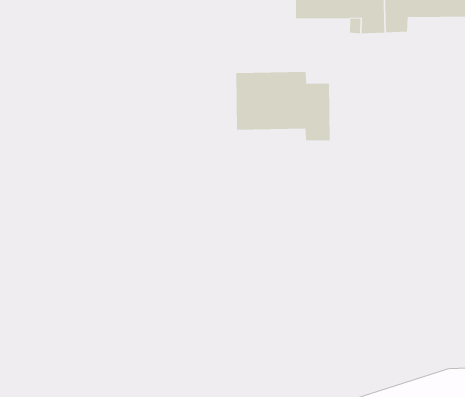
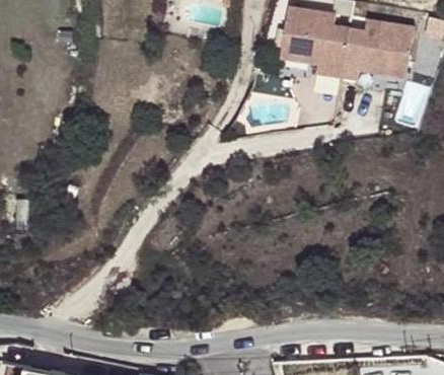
building: [236,71,330,141] -> none

